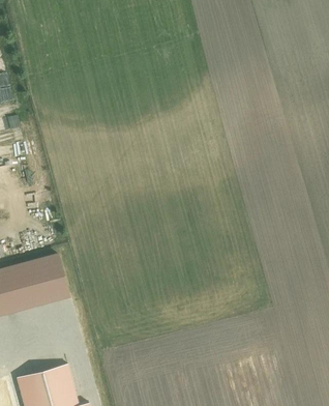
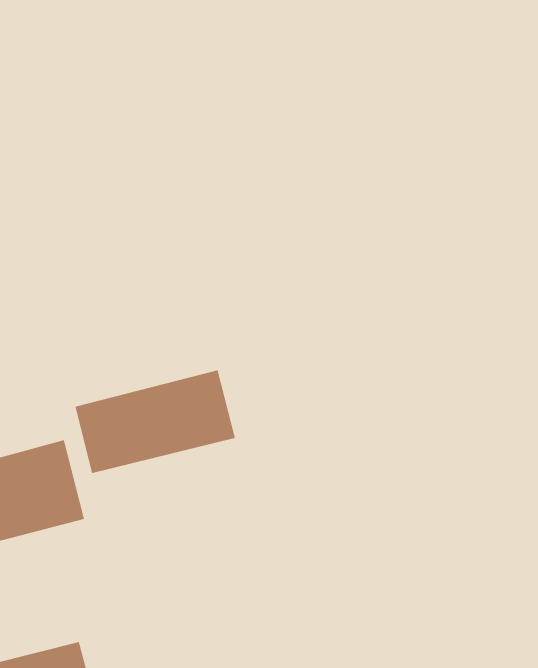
building: none -> [75,369,236,474]

